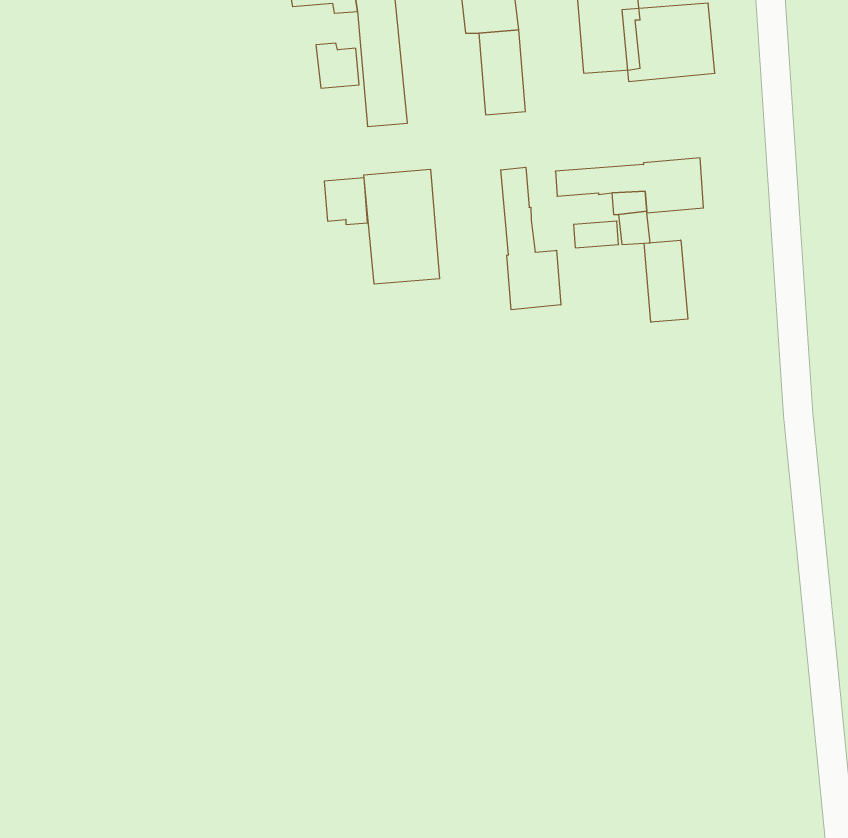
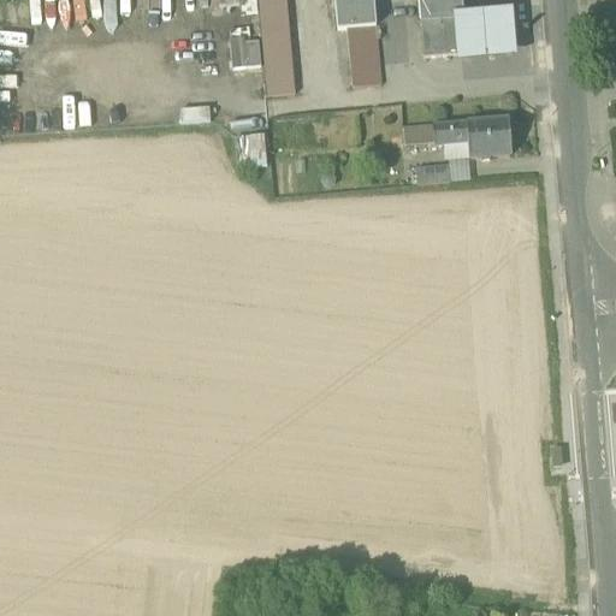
building: [501,167,561,310] -> none
building: [364,169,439,284] -> none
building: [644,240,688,322] -> none

